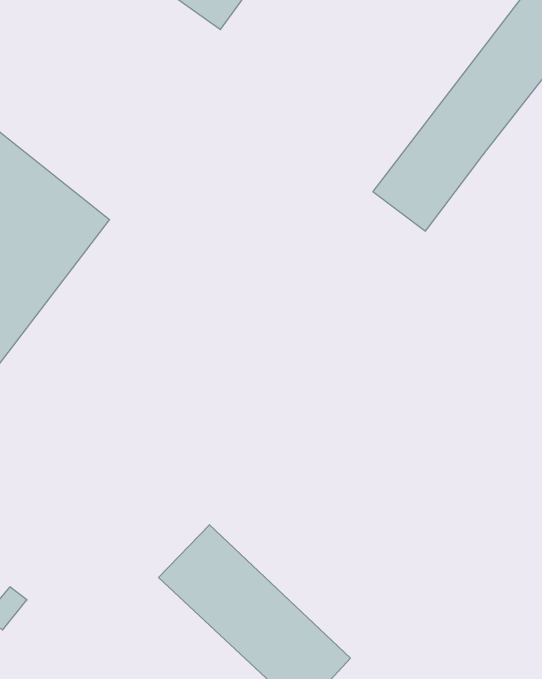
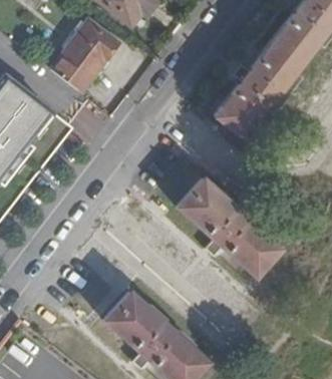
building: none -> [51,22,119,93]
building: none -> [175,177,278,278]

